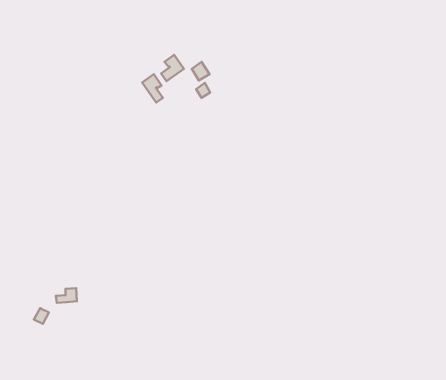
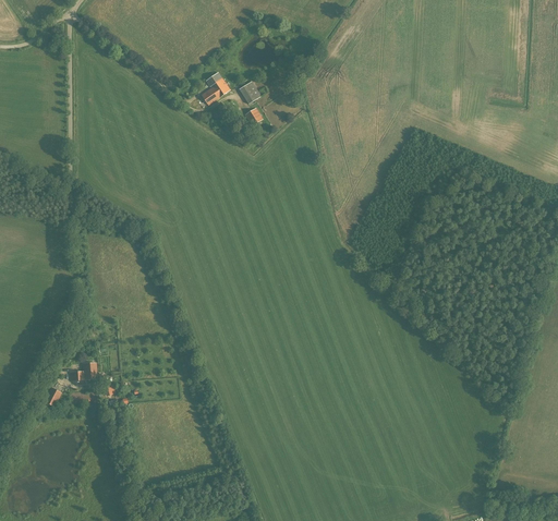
building: [142,74,163,103] -> none

